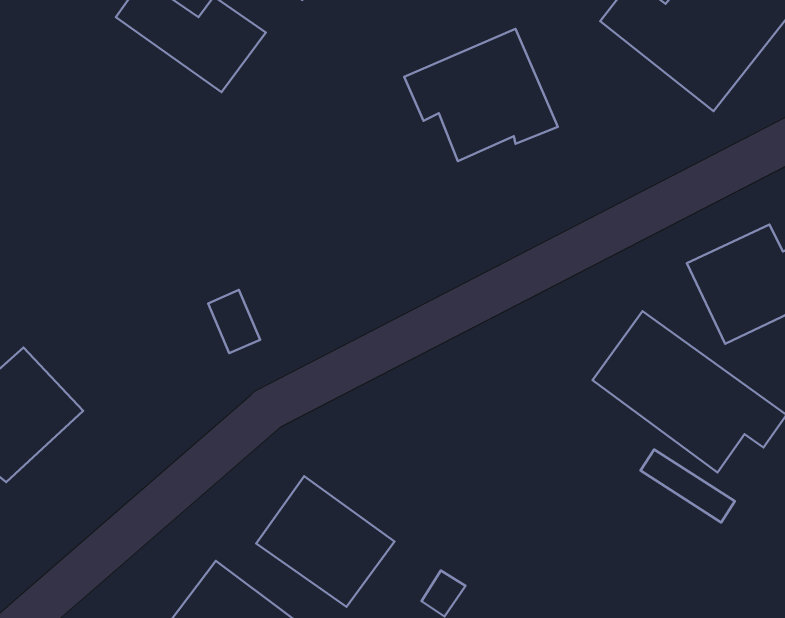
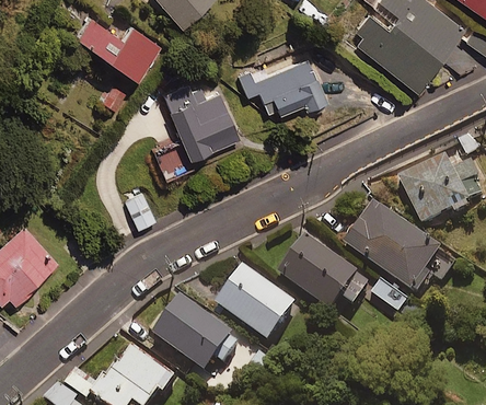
building: none -> [150,85,240,181]
building: none -> [279,239,357,312]
building: none -> [217,268,297,343]

